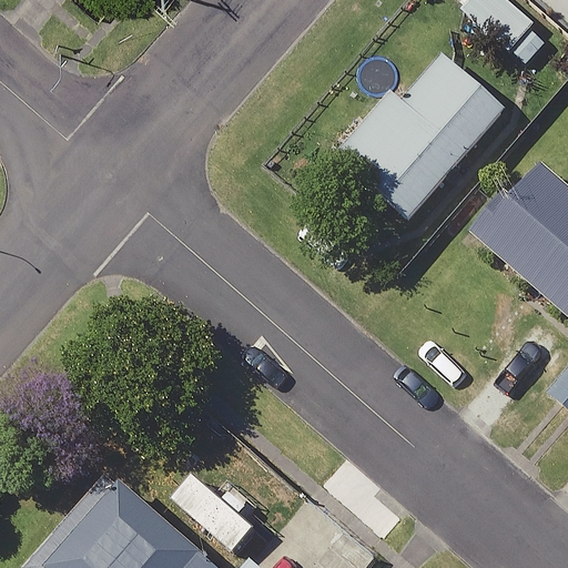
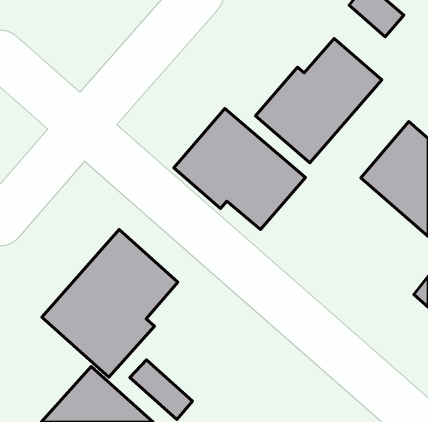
building: none -> [174,109,305,230]
building: none -> [42,230,178,377]

